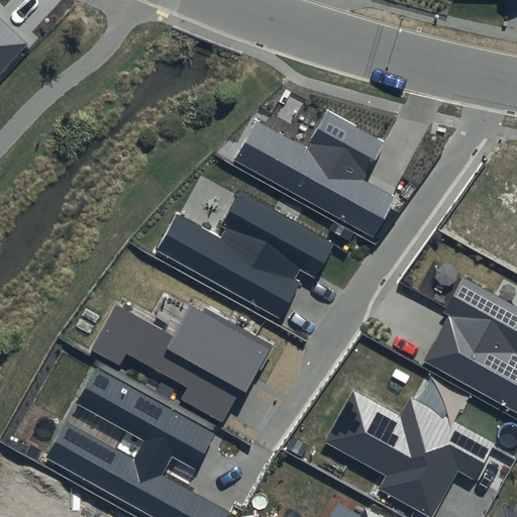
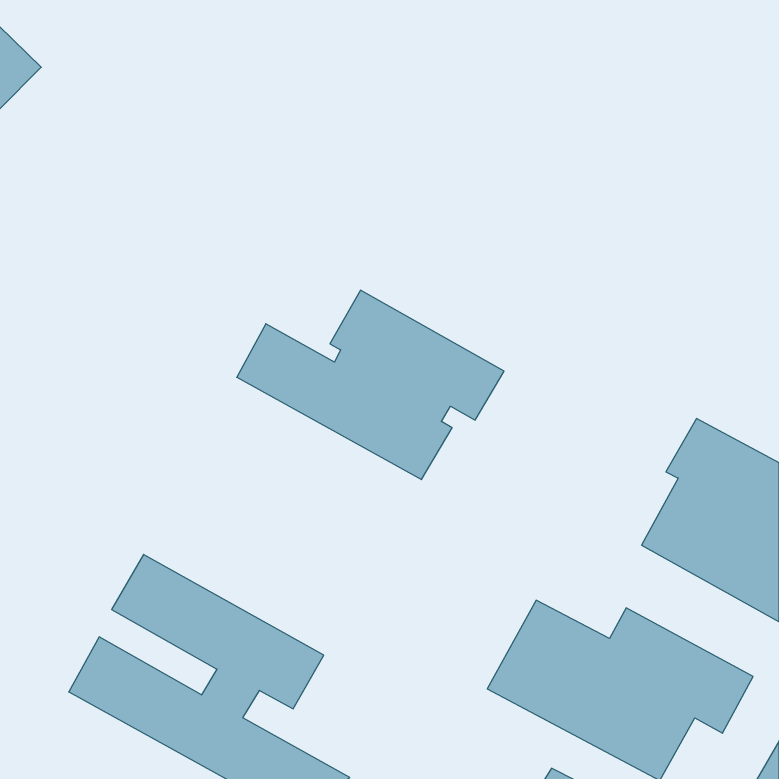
building: [235,110,394,236] -> none
building: [89,305,275,422] -> none

